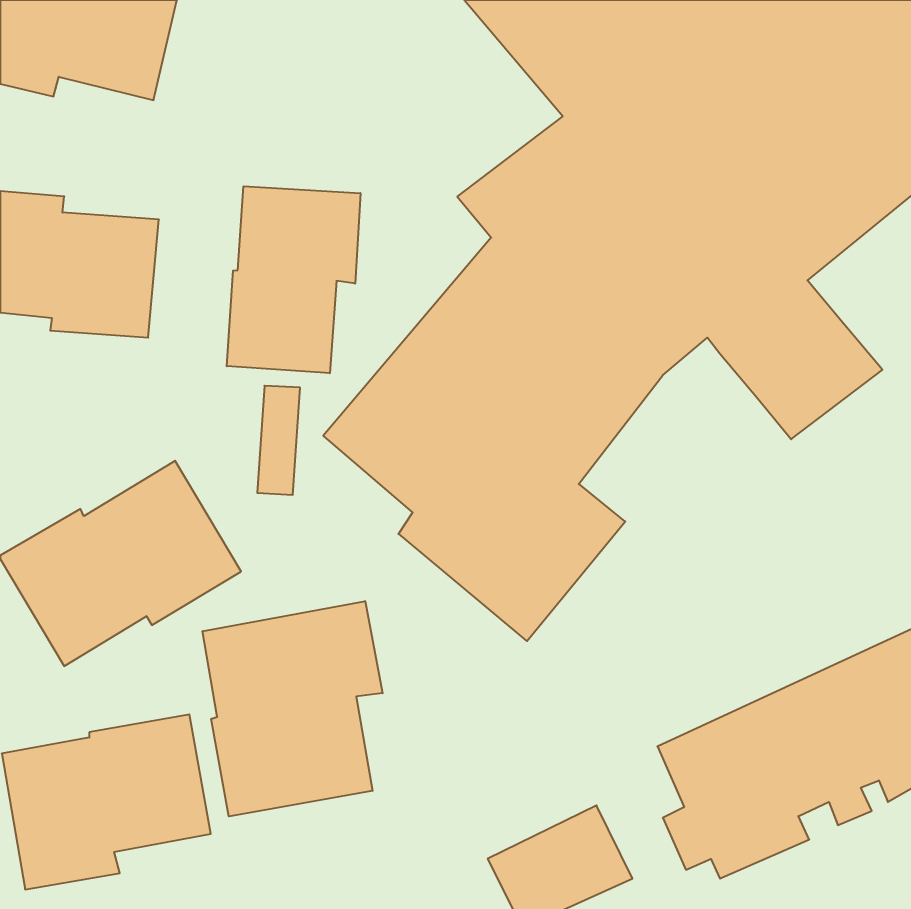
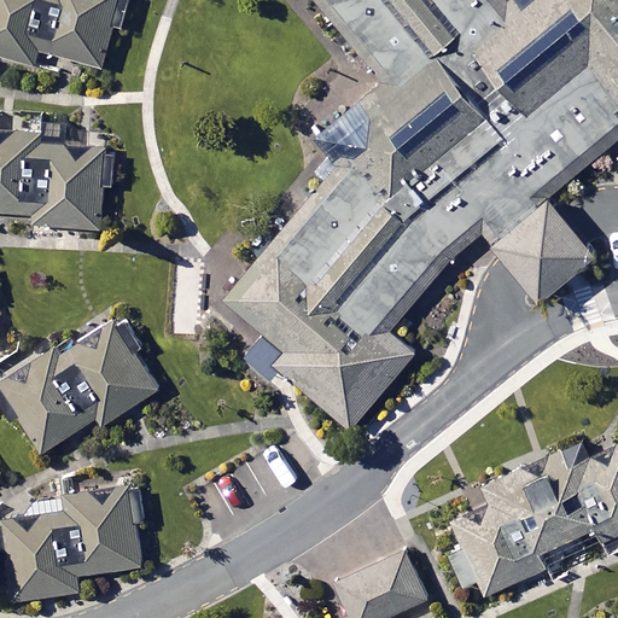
building: [227,186,360,373] -> none
building: [203,601,383,816] -> none

